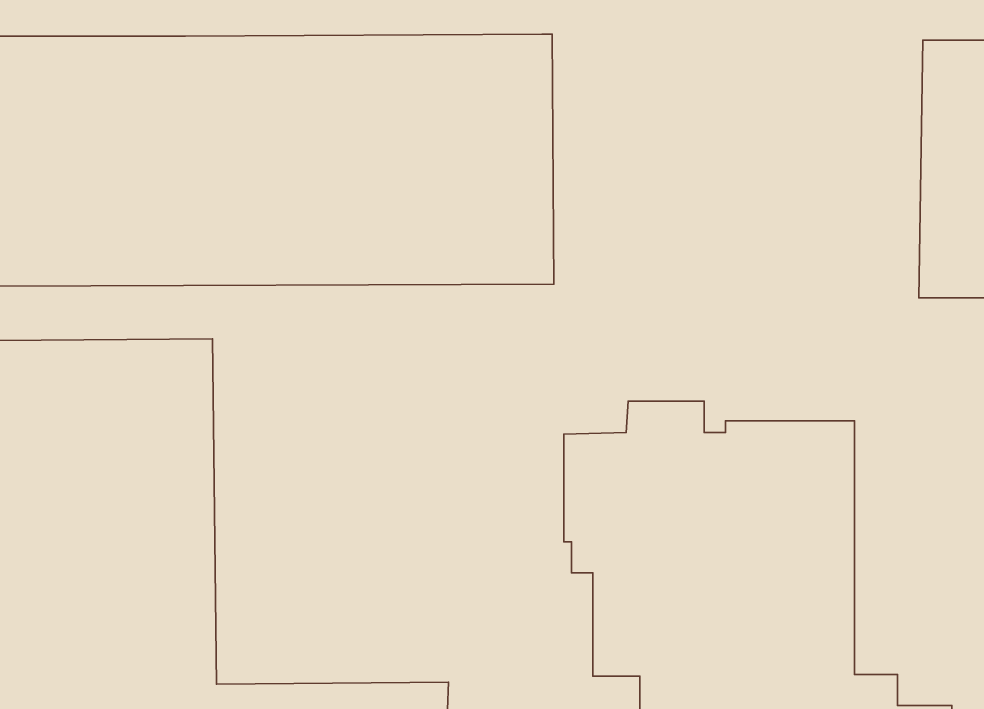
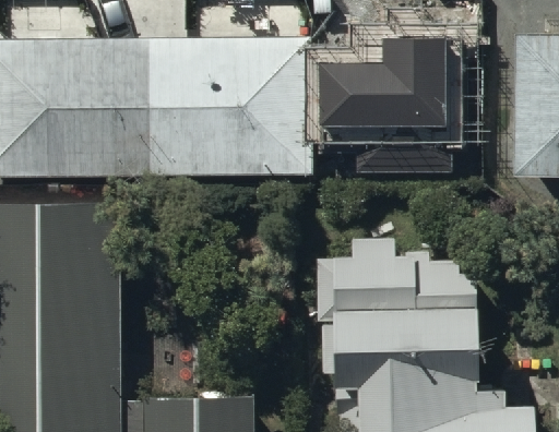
building: none -> [318,35,444,168]

